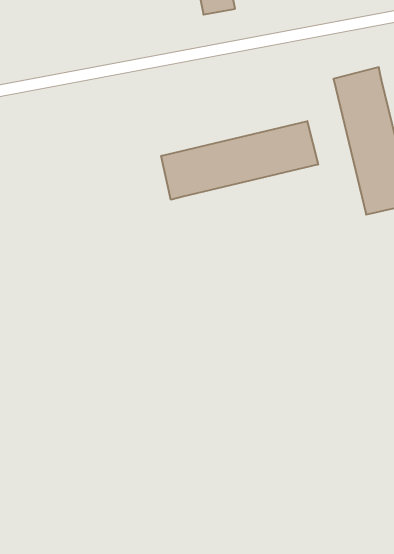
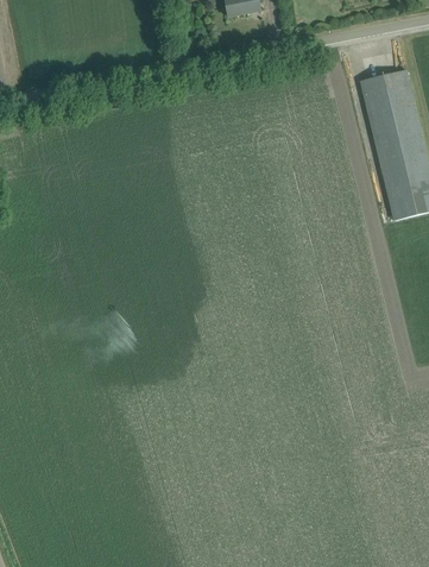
building: [161,121,318,200] -> none

